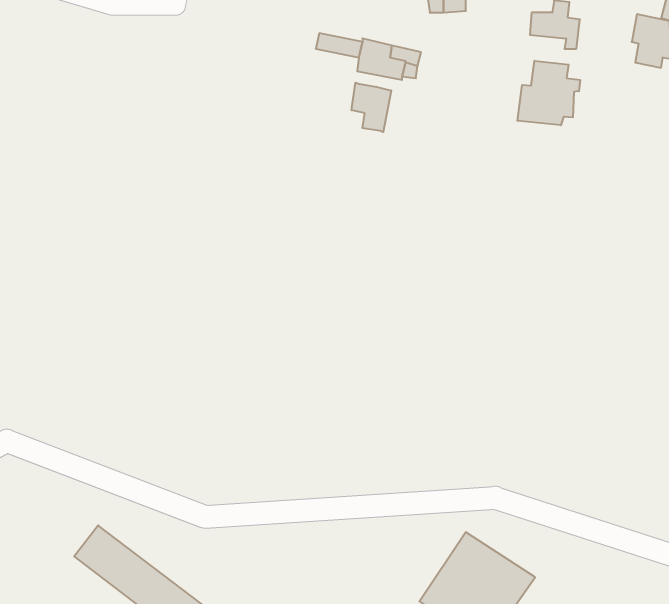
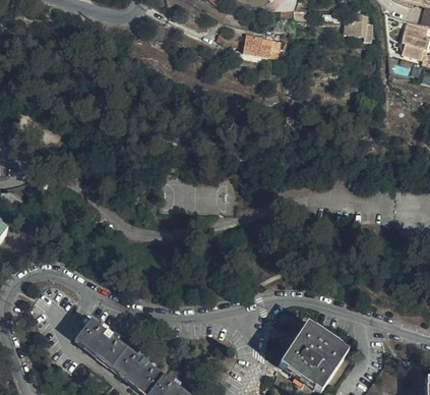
building: [518,61,580,125] -> none
building: [352,83,391,132] -> none

